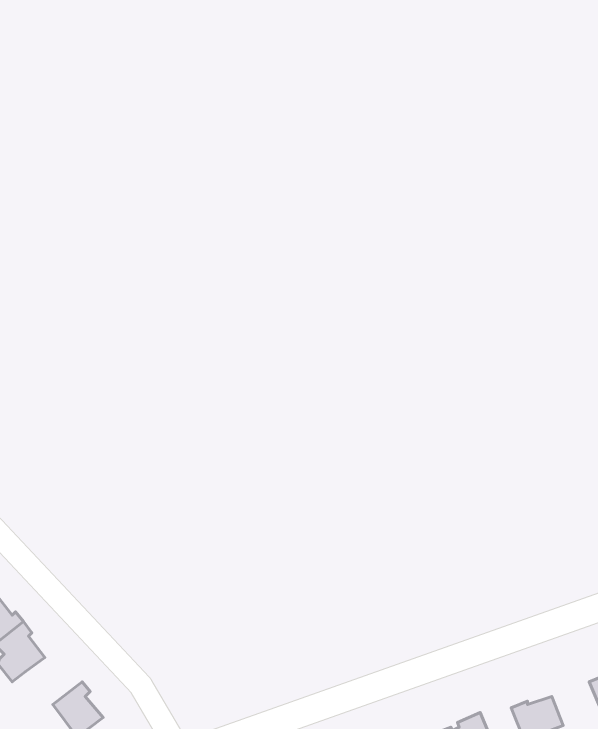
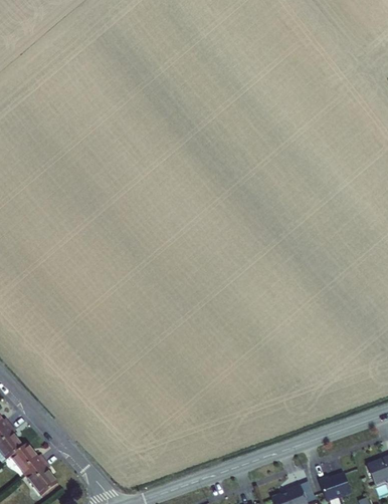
building: none -> [16,448,51,480]

